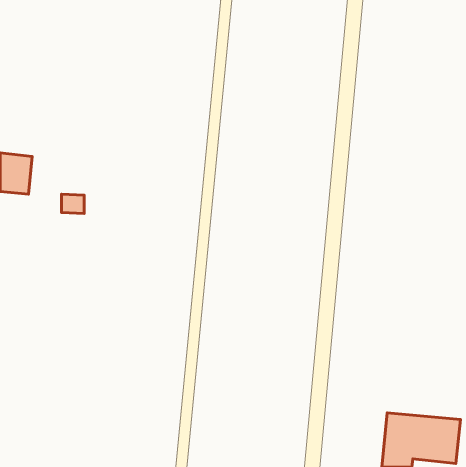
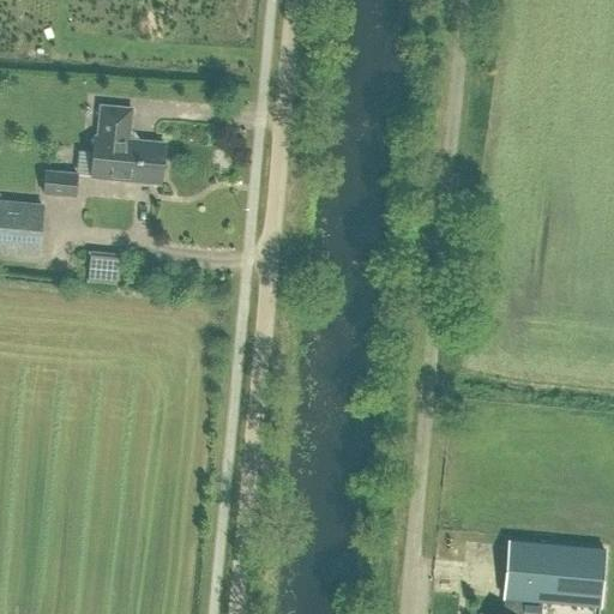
building: none -> [91,106,164,183]
building: none -> [46,170,79,195]

